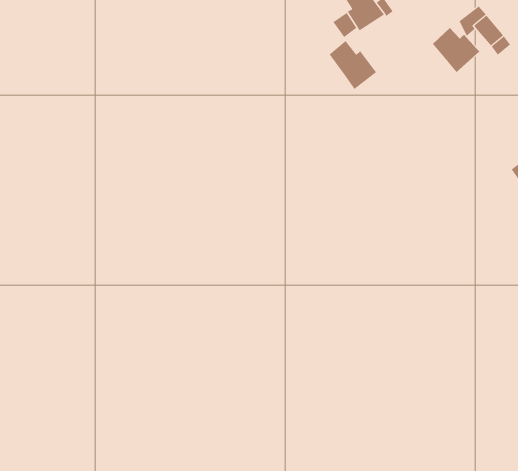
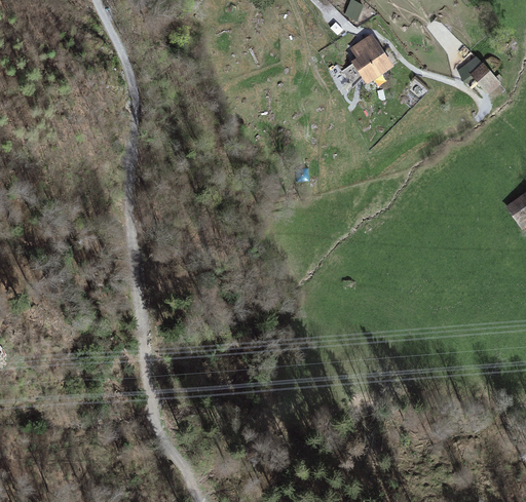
building: [432,27,480,73] -> none
building: [329,40,377,90] -> none

